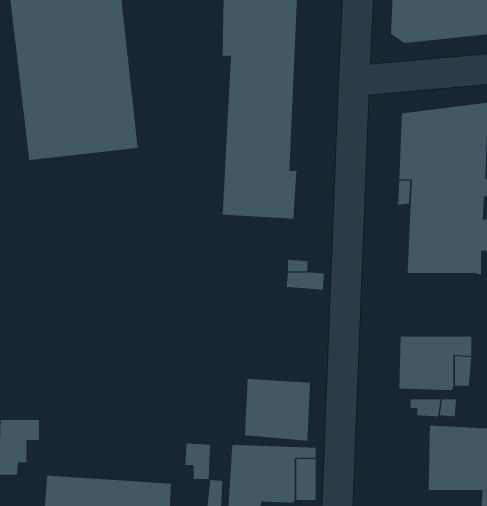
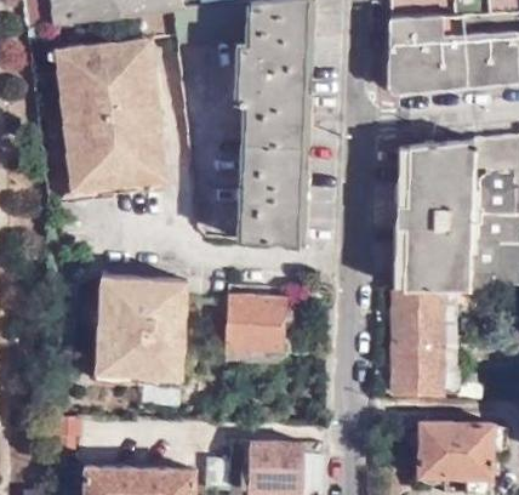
building: none -> [91,274,183,377]
building: none -> [394,290,460,345]
building: [244,378,311,441] -> [224,296,283,351]

